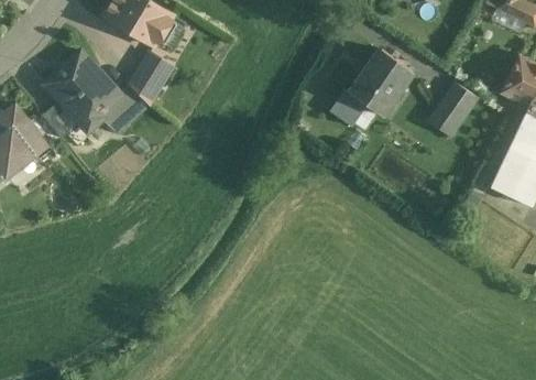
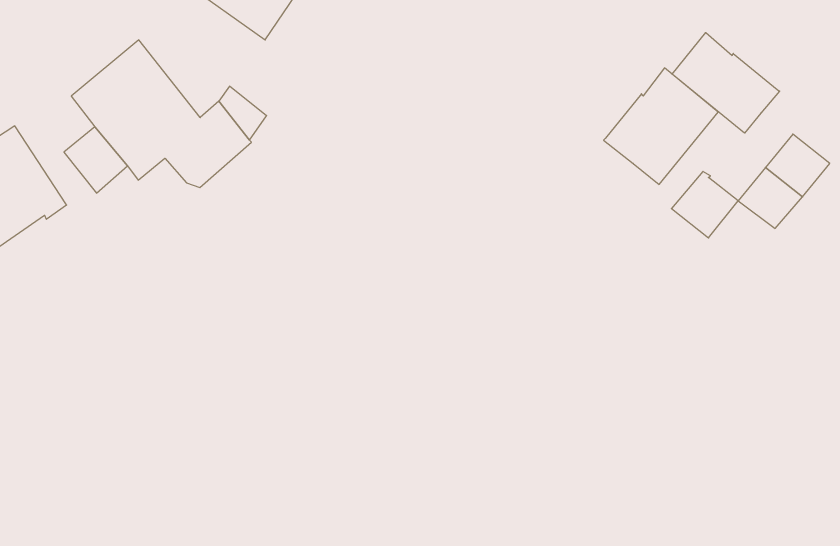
building: none -> [672,33,780,133]
building: [135,53,173,90] -> none
building: [329,89,367,127] -> [671,171,738,238]

